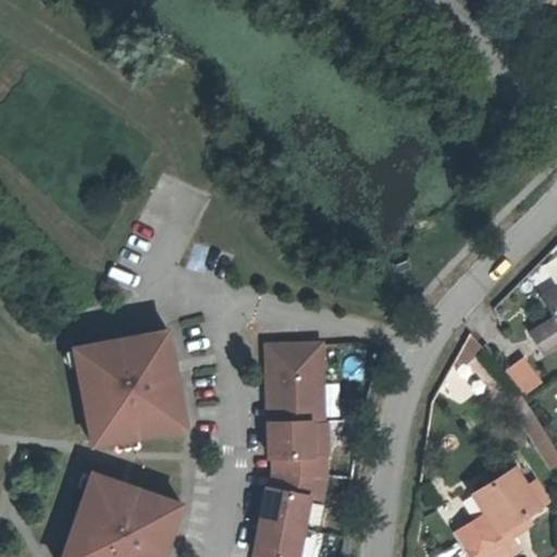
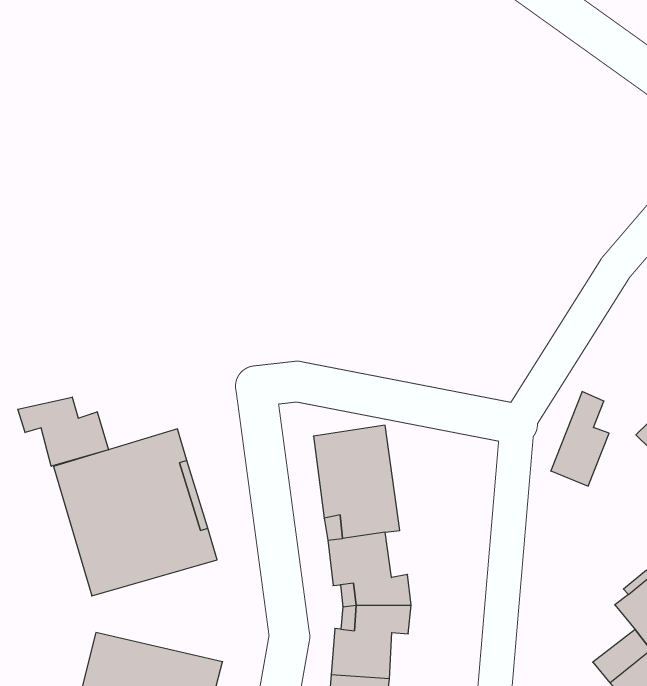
building: none -> [18,397,108,466]

